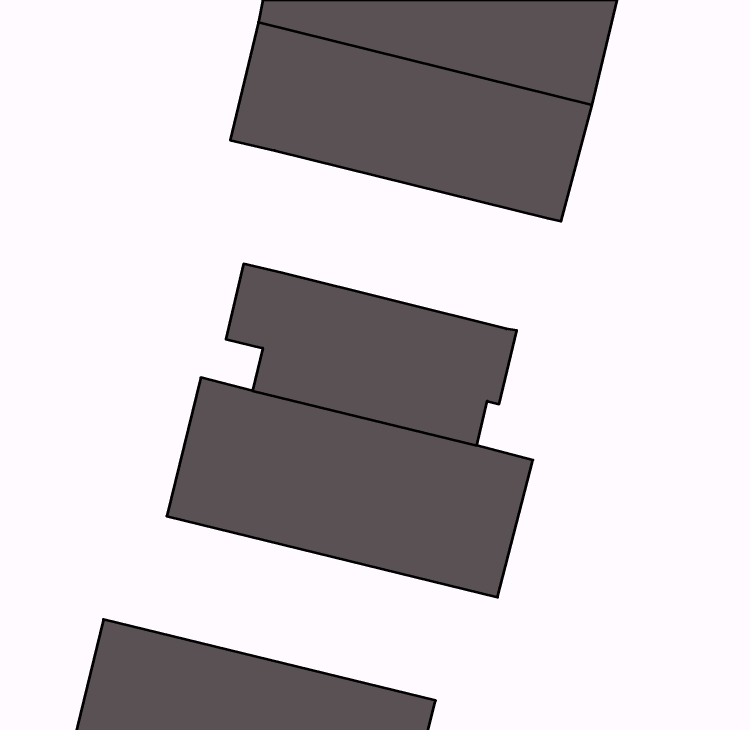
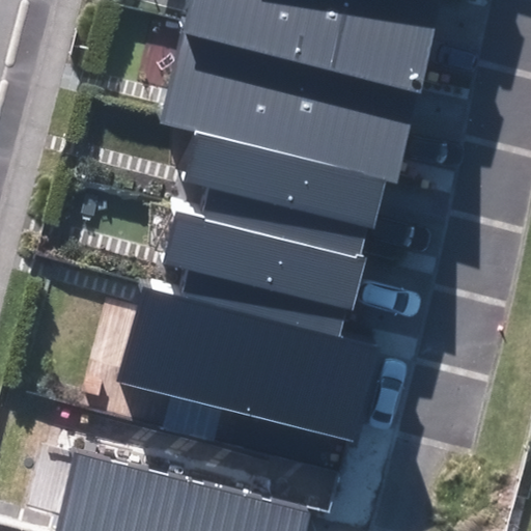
building: none -> [183,122,388,248]

